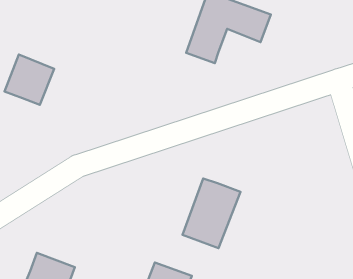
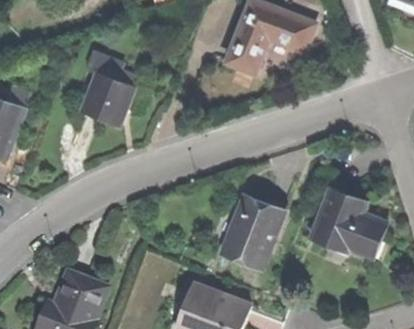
building: [5,54,54,105] -> [83,71,135,124]
building: none -> [312,186,384,250]

